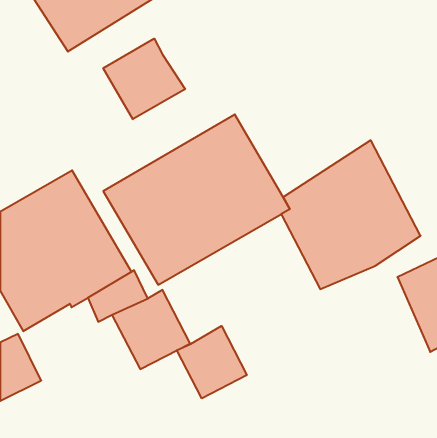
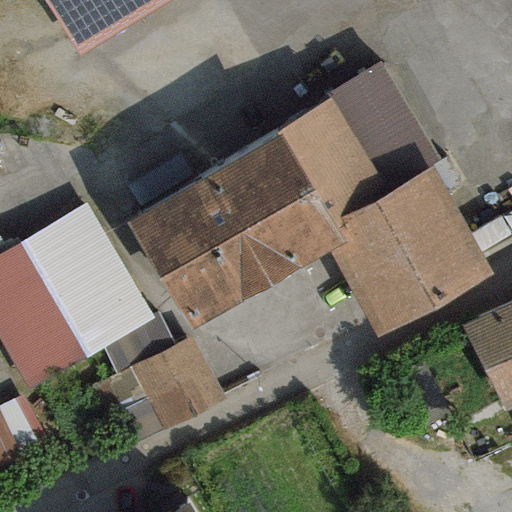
building: [103,39,185,119] -> none
building: none -> [276,60,438,229]
building: [177,326,247,398] -> none

